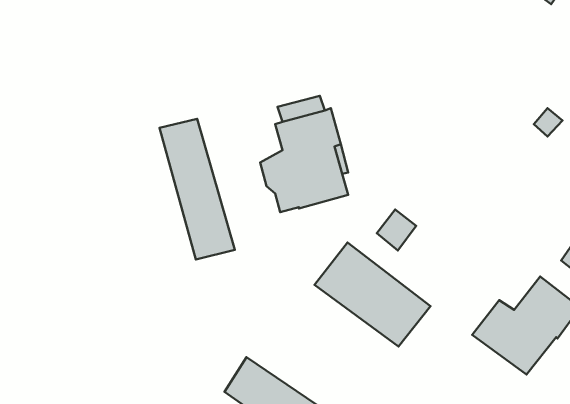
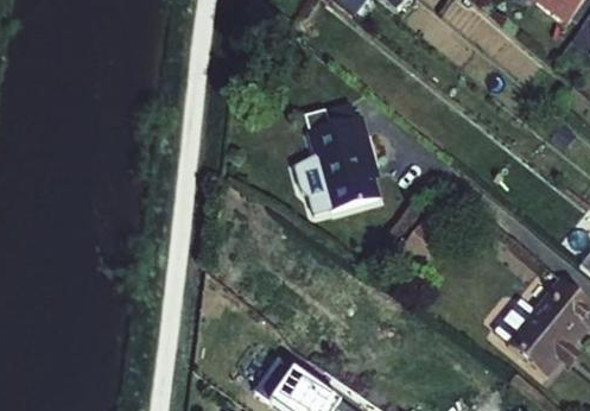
building: [160,119,235,260] -> none
building: [315,243,431,346] -> none

